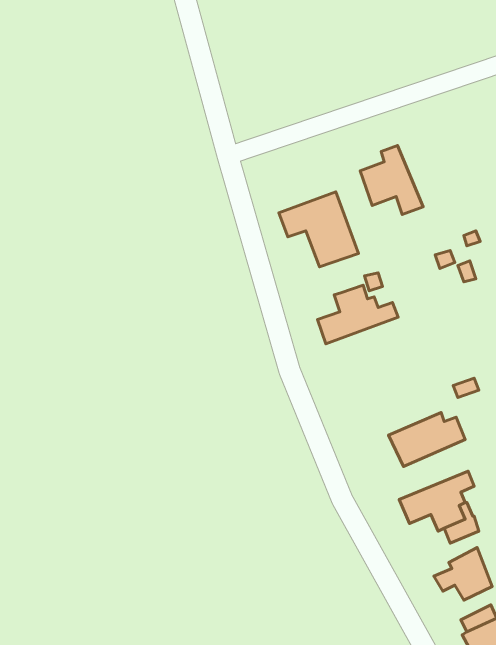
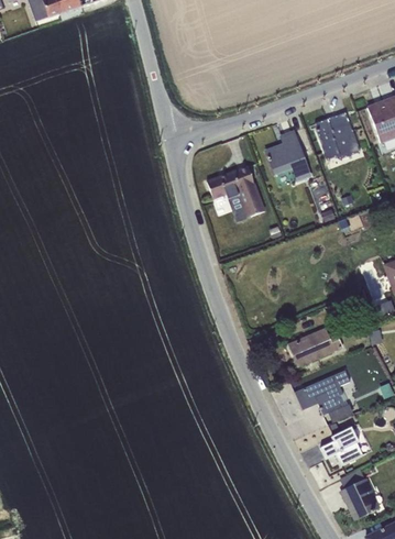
building: none -> [315,111,360,157]
building: [318,285,398,344] -> none

